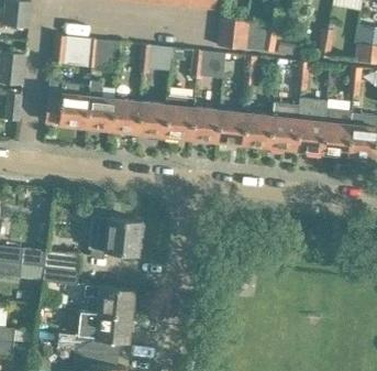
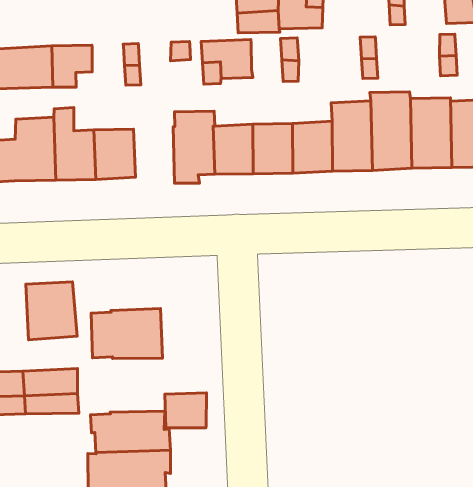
building: [136,101,166,141] -> none
building: none -> [26,282,77,340]
building: none -> [165,393,206,428]

